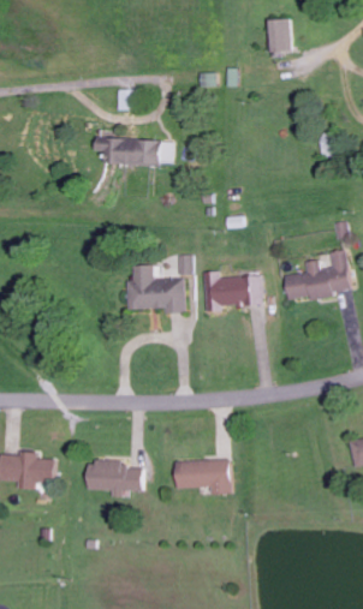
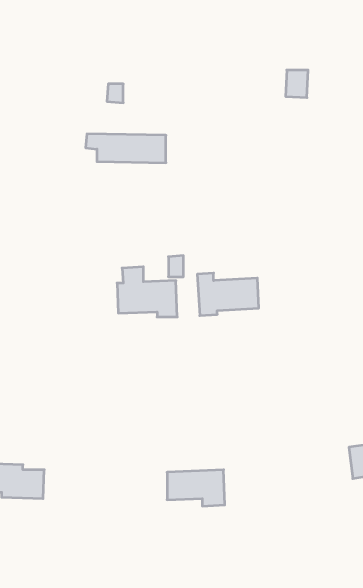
building: [269,22,291,48] -> [286,70,308,98]
building: [285,250,350,300] -> none
building: [85,460,142,496] -> none

